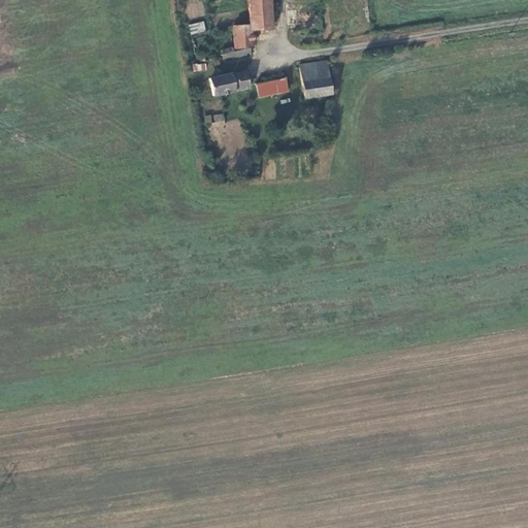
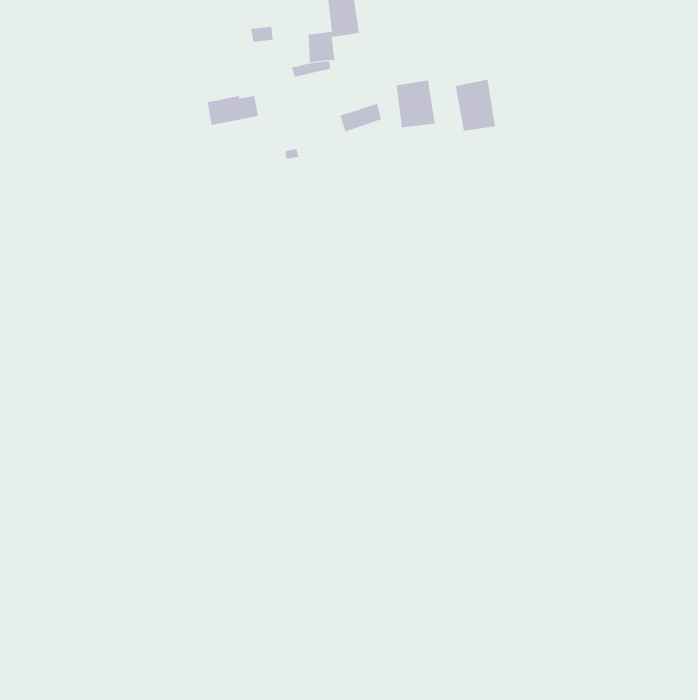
building: none -> [455,79,496,132]
building: [211,72,251,95] -> [207,95,259,126]

